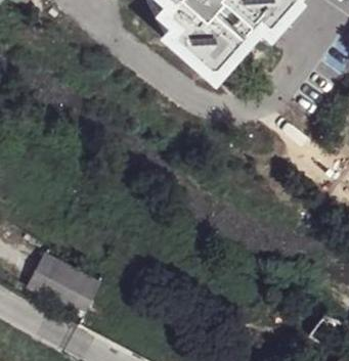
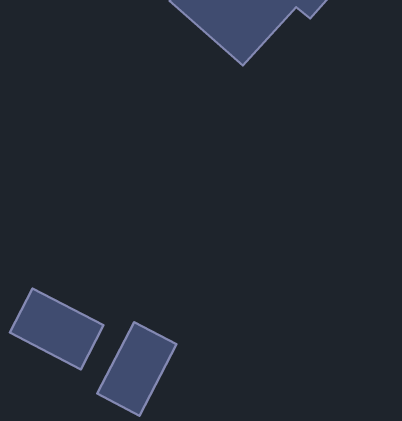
building: none -> [97,322,176,416]

